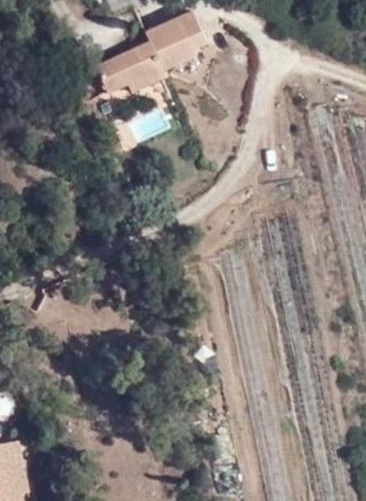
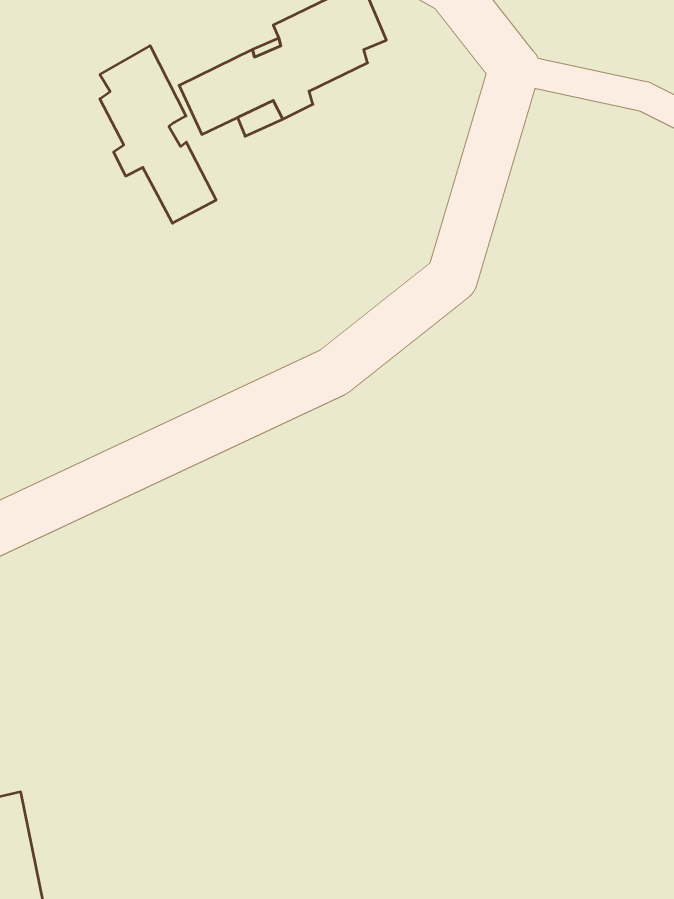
building: none -> [100,46,216,223]

